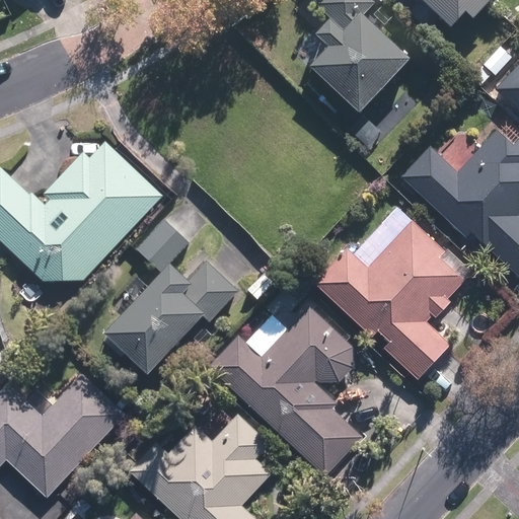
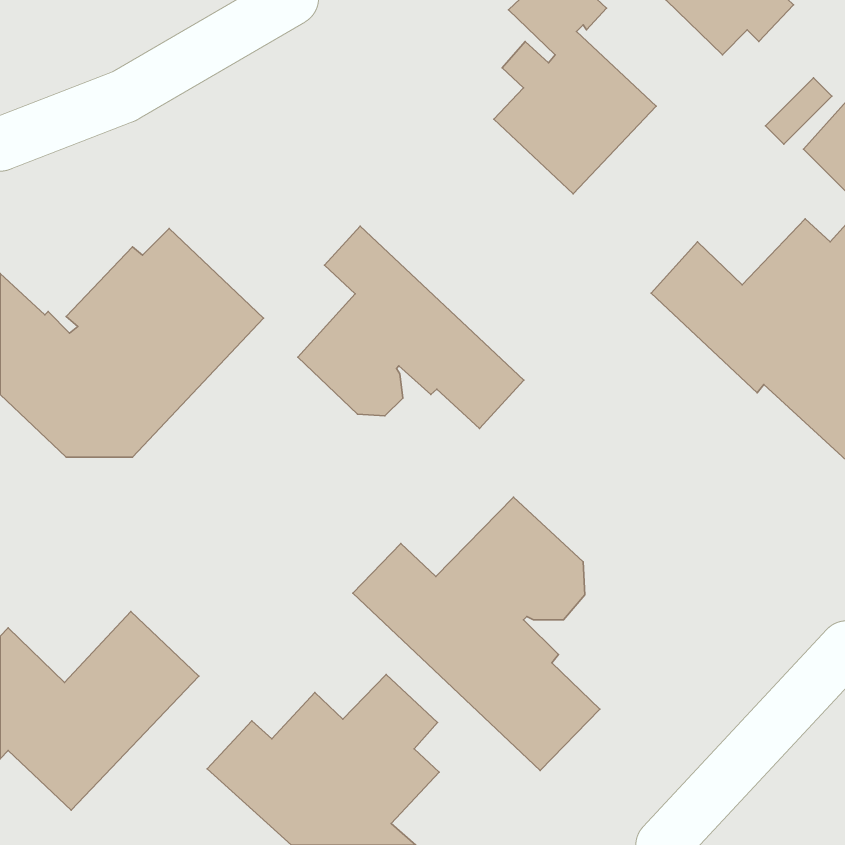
building: none -> [298,226,524,429]
building: [99,219,237,374] -> none
building: [321,222,461,377] -> none

